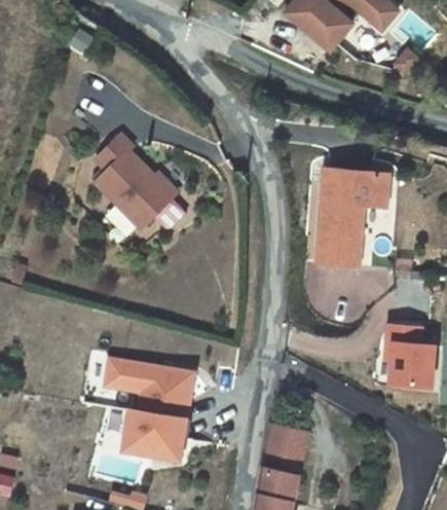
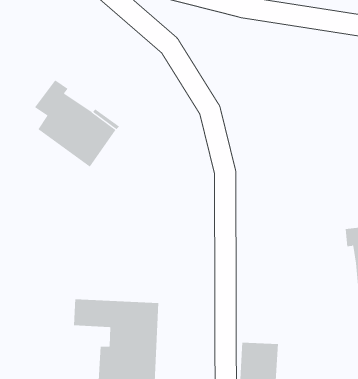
building: [314,169,389,268] -> none

